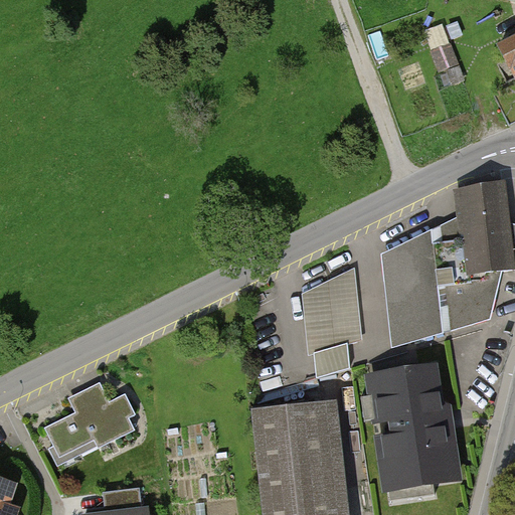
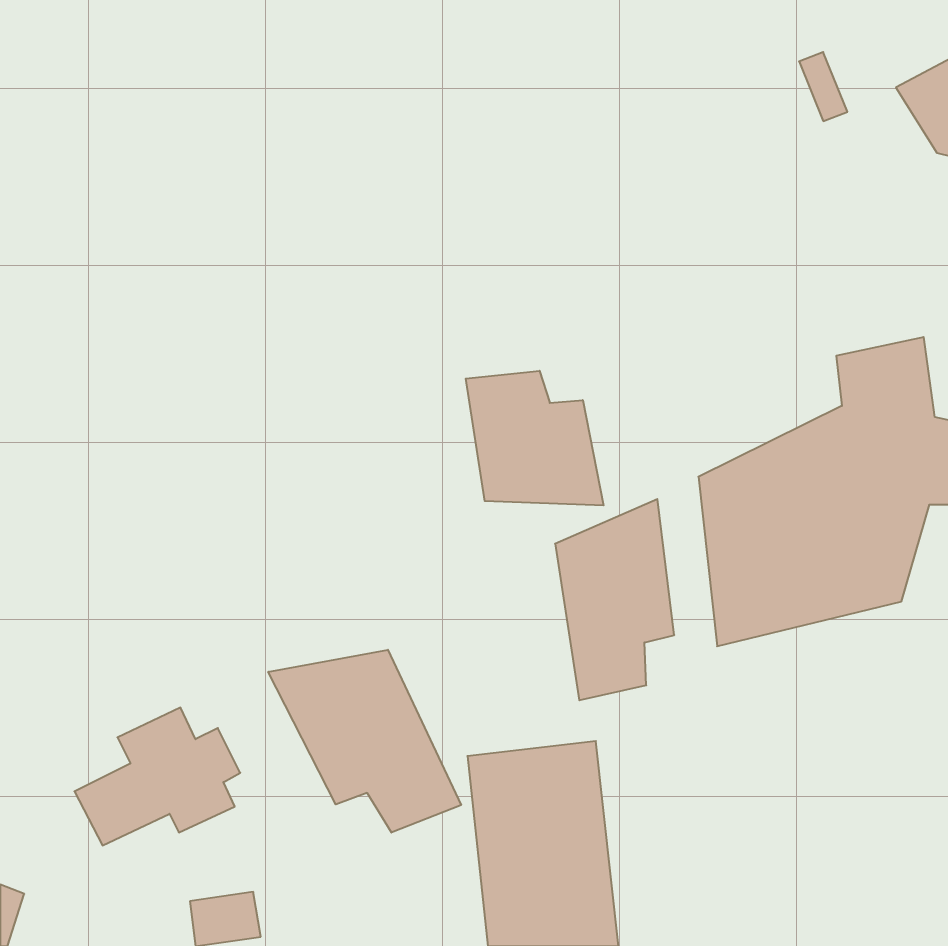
building: none -> [466,371,604,505]
building: none -> [268,650,461,833]
building: [374,367,461,488] -> none

